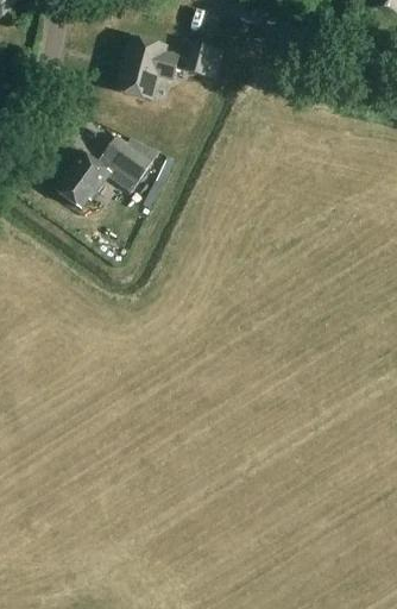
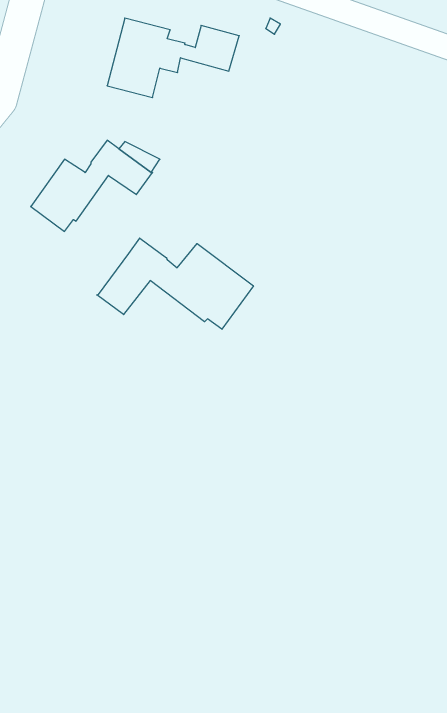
building: none -> [97,238,253,329]

